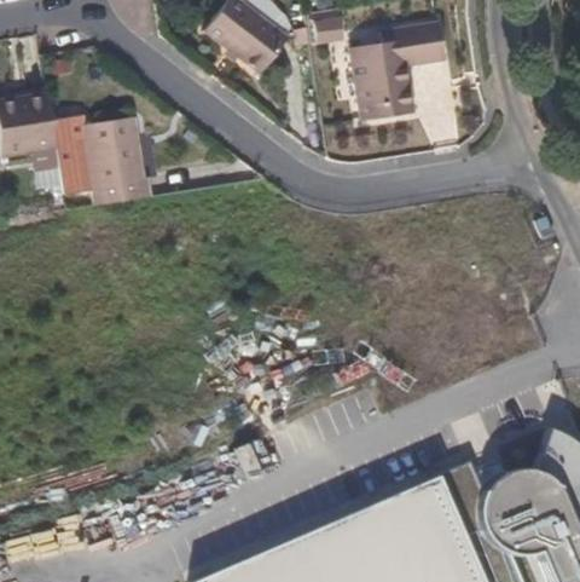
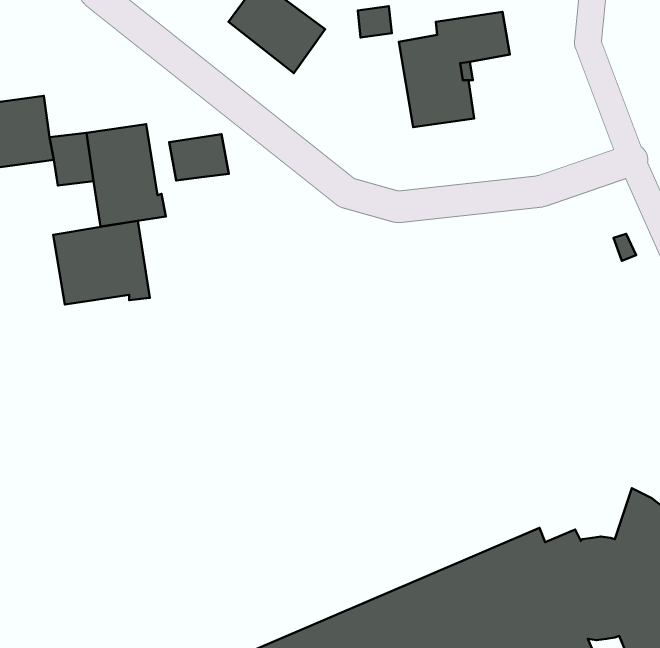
building: none -> [169,134,229,181]
building: none -> [53,221,150,305]

